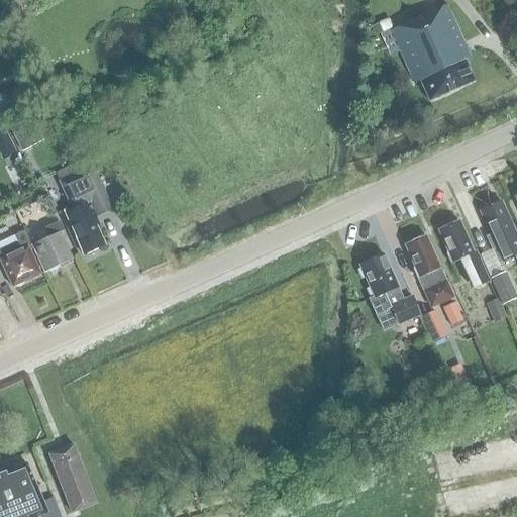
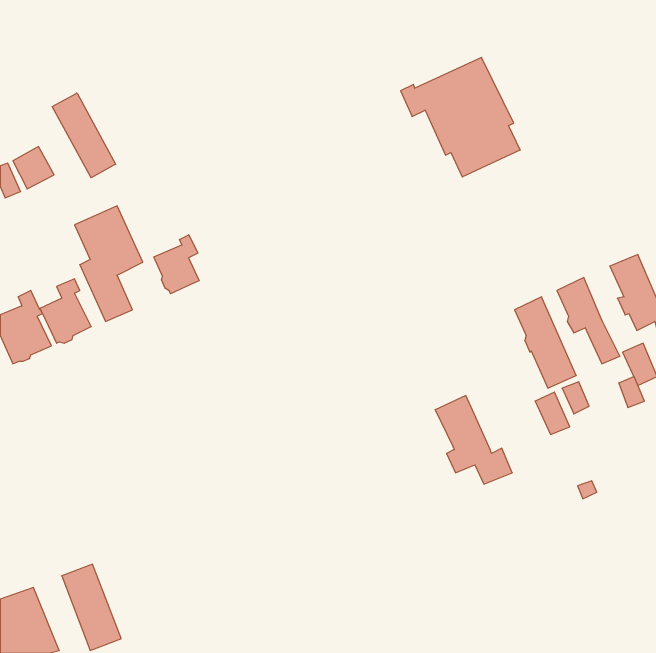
building: [381,6,475,100] -> [401,57,520,177]
building: none -> [52,93,116,178]
building: none -> [154,235,199,294]
building: [359,252,420,322] -> [435,396,512,484]

